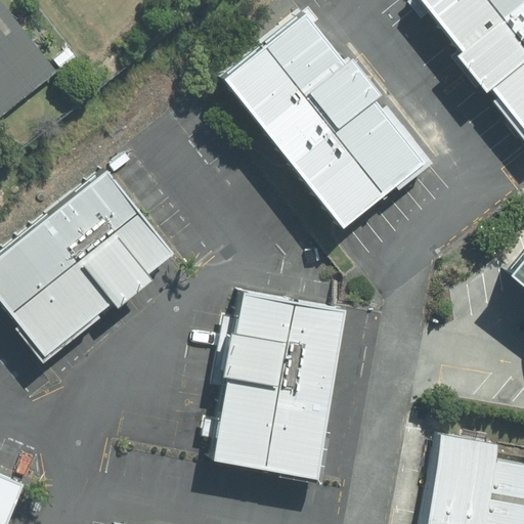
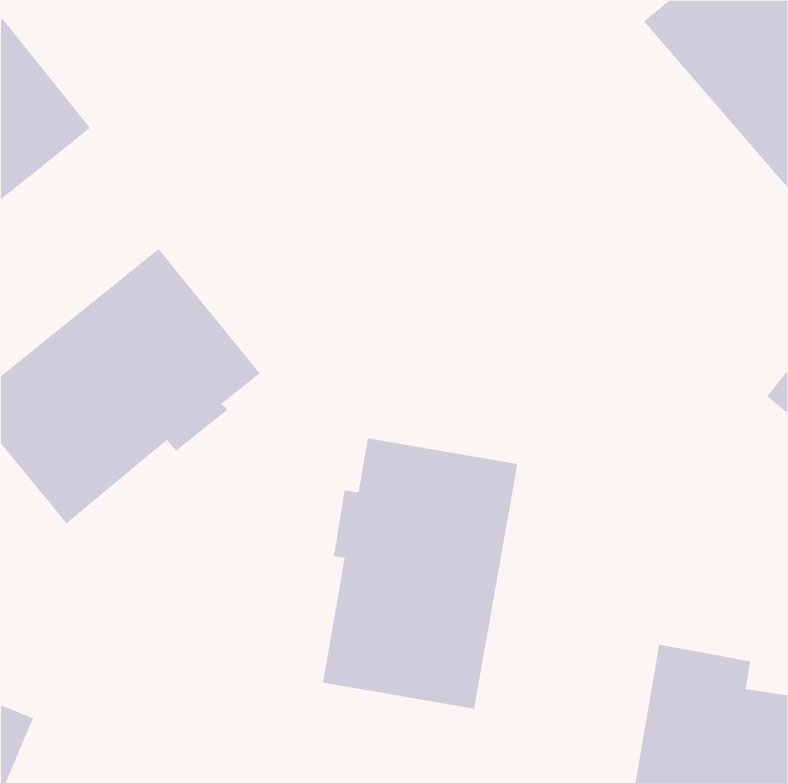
building: [234,29,433,238] -> none

